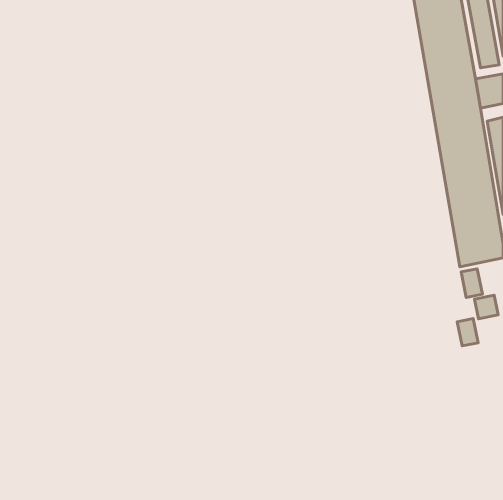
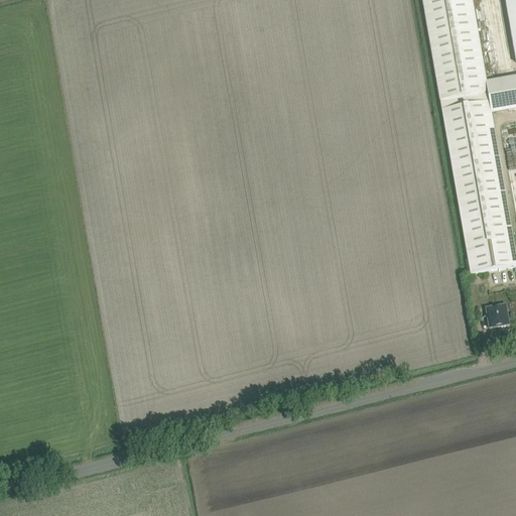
building: [461,269,482,297] -> none
building: [457,318,478,346] -> none

